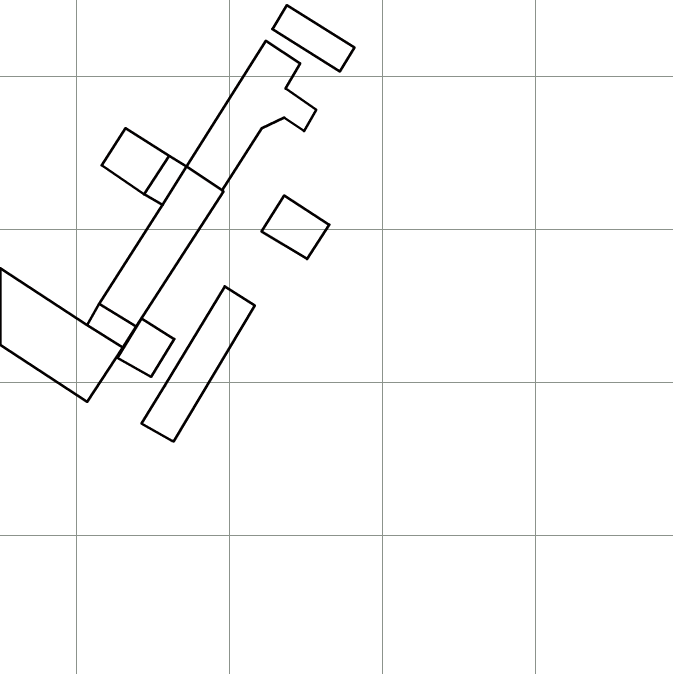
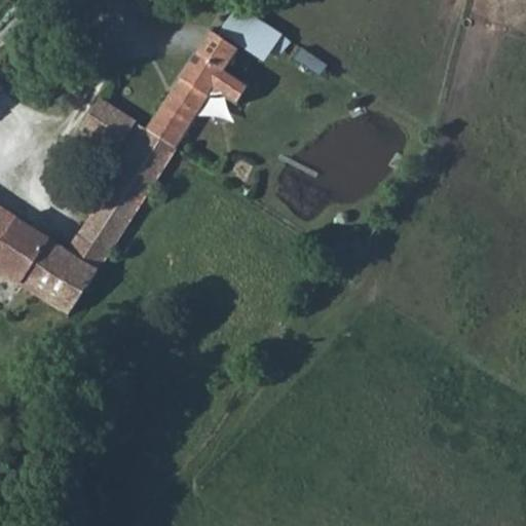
building: [262,196,329,259] -> none
building: [142,286,255,441] -> none
building: [118,318,174,377] -> none

